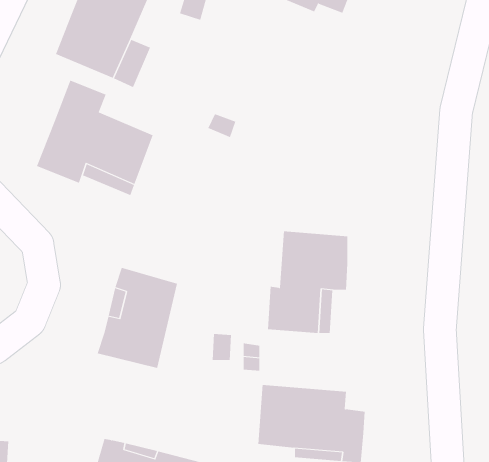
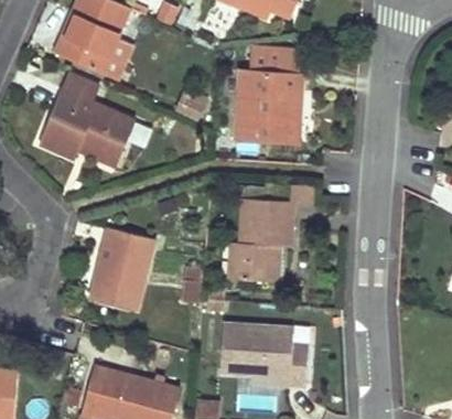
building: none -> [236,49,303,141]

